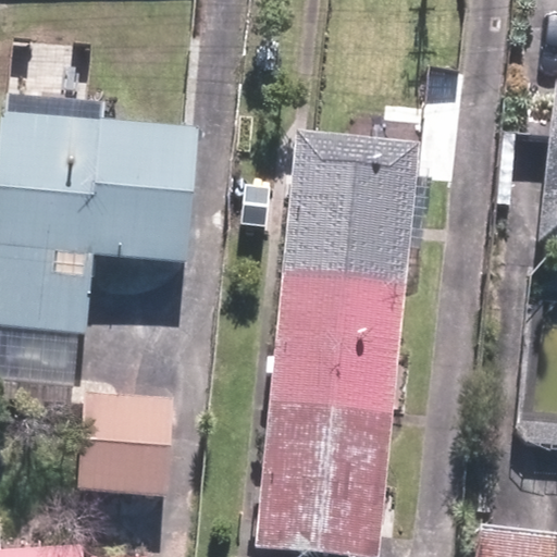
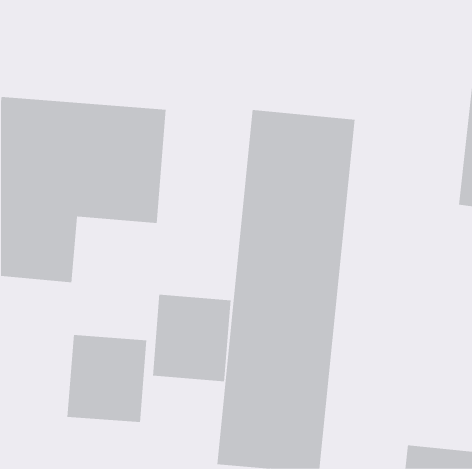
building: none -> [152,294,231,382]

